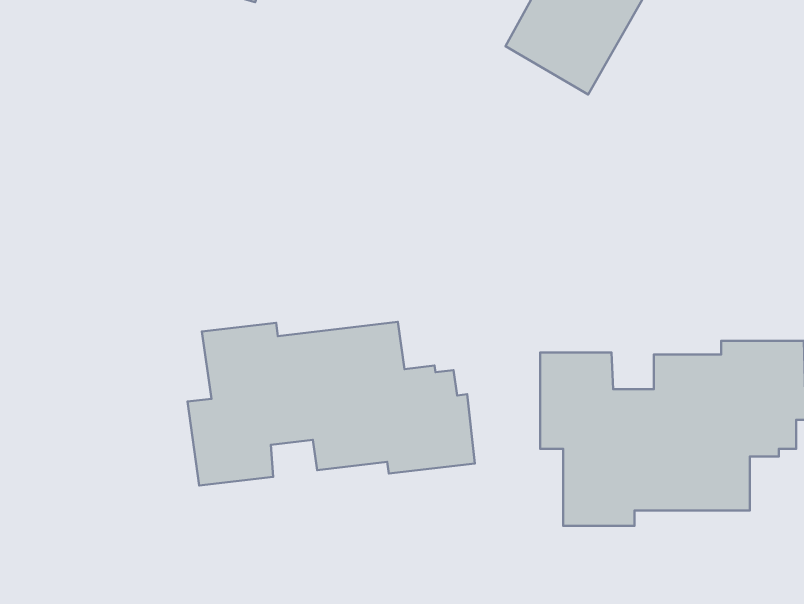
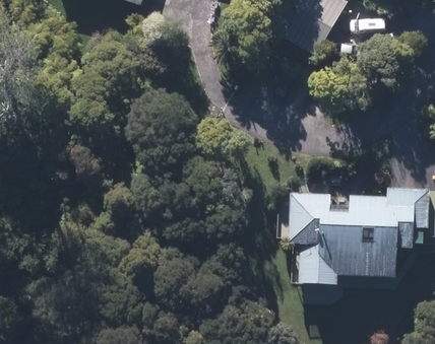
building: [187,322,475,486] -> none

